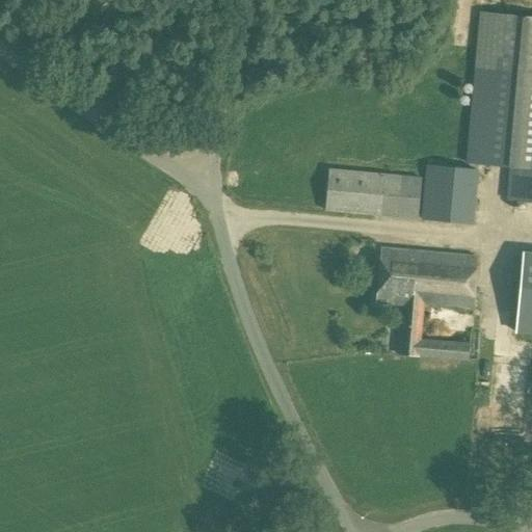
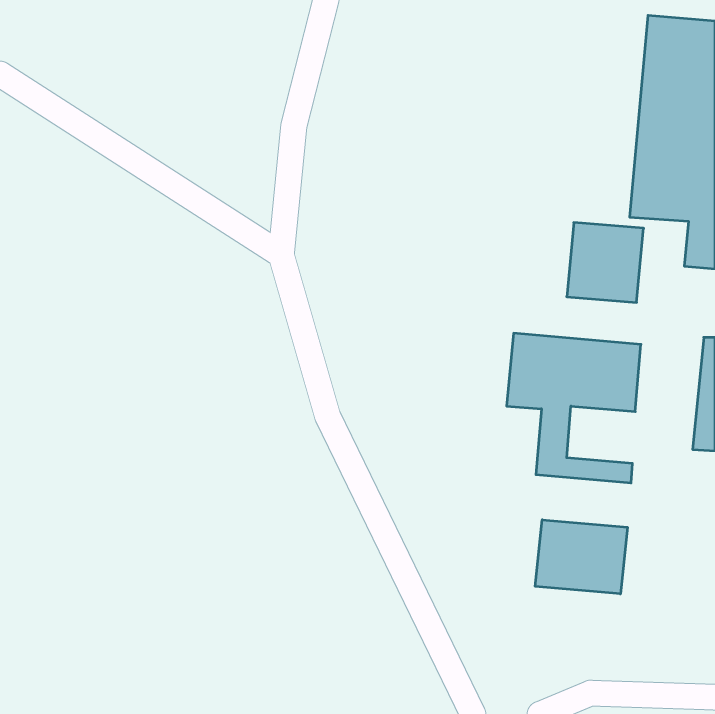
building: [325,168,421,218] -> none
building: none -> [535,520,627,594]

